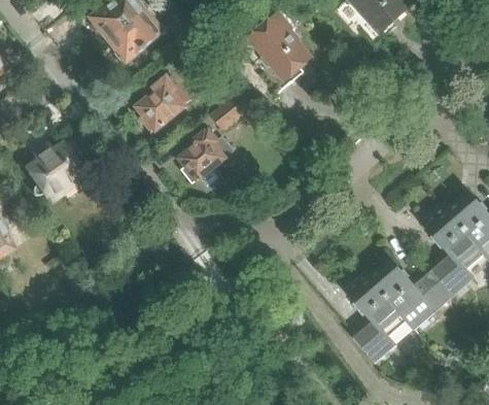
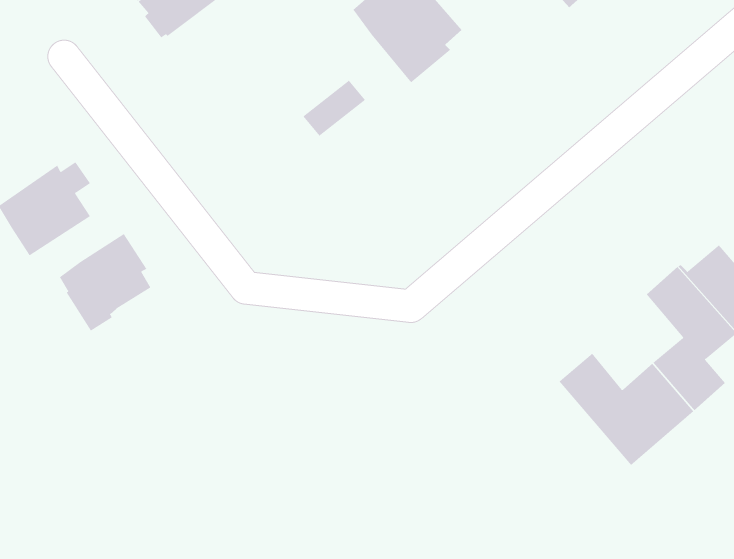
building: [139,76,187,136] -> none
building: [180,128,234,189] -> none
building: none -> [59,233,151,331]
building: [346,272,415,362] -> none

